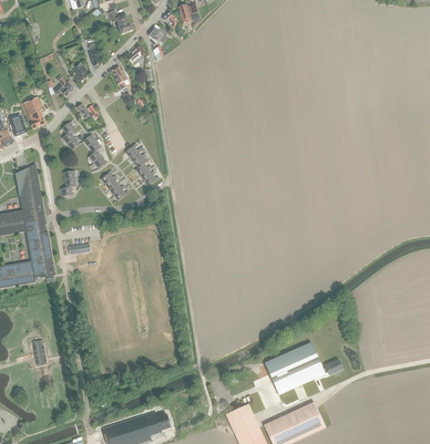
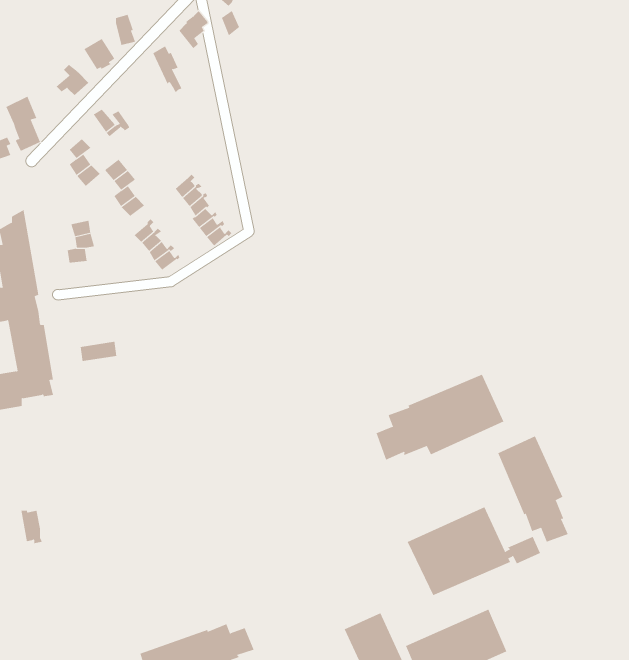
building: none -> [376,374,504,461]
building: none -> [497,435,568,542]

